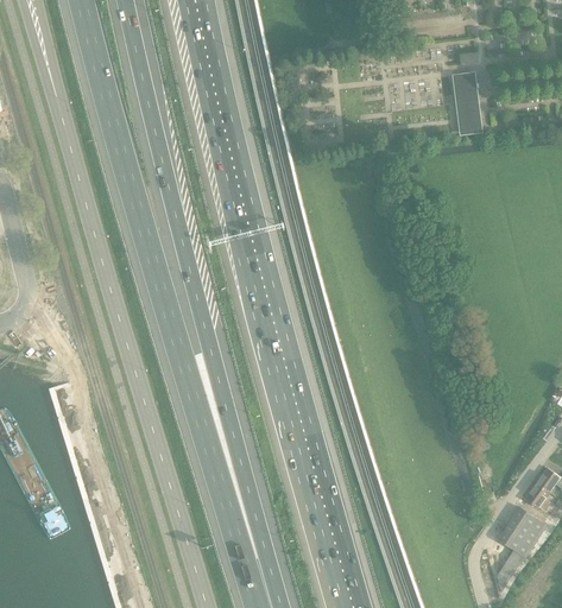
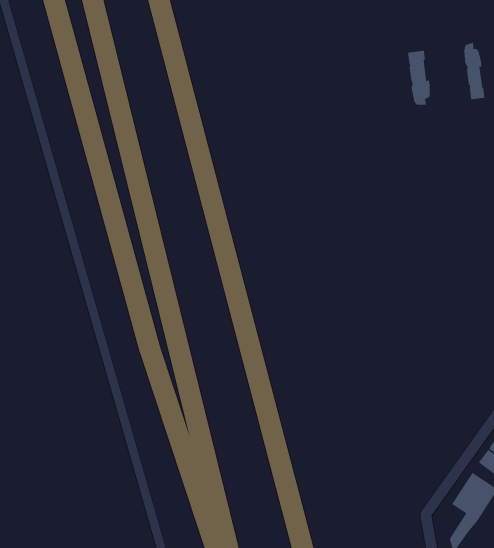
building: none -> [463,42,486,100]

